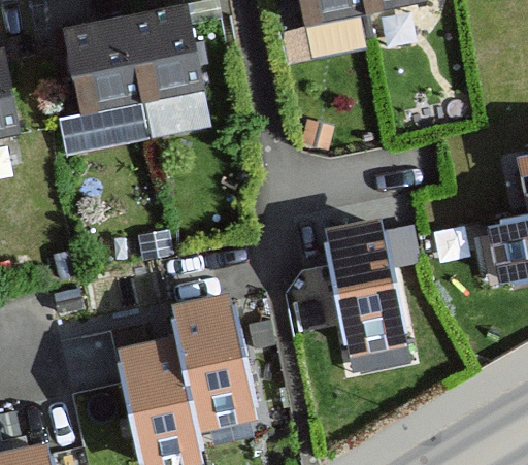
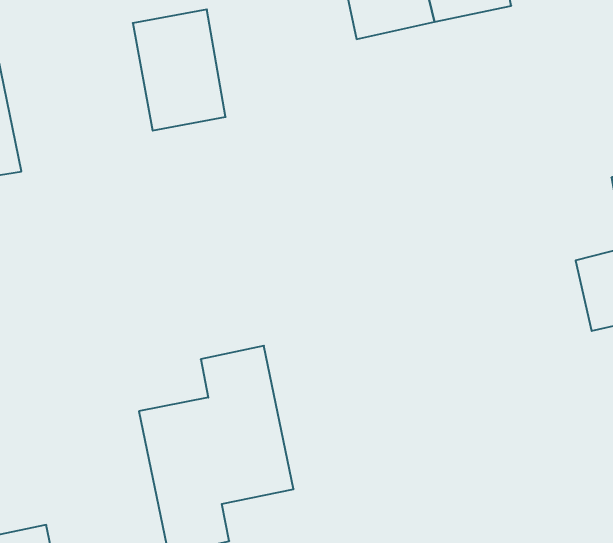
building: [57,28,134,128] -> none
building: [328,222,403,354] -> none

